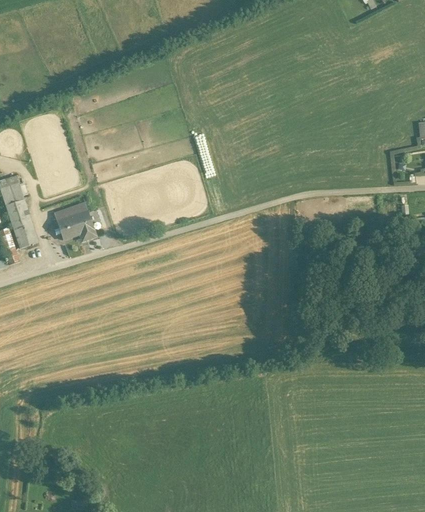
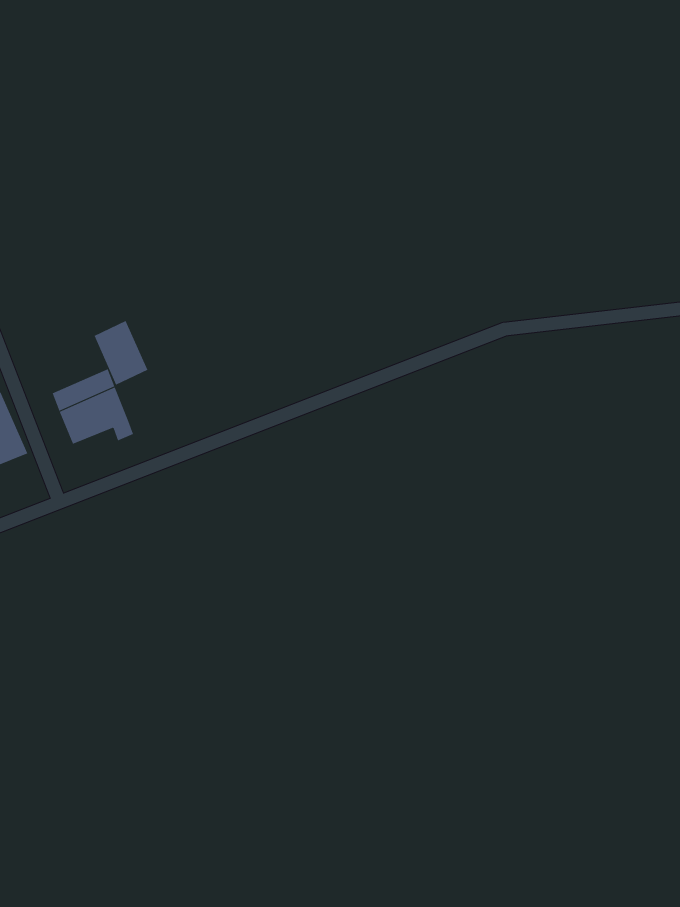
building: none -> [94,320,148,386]

